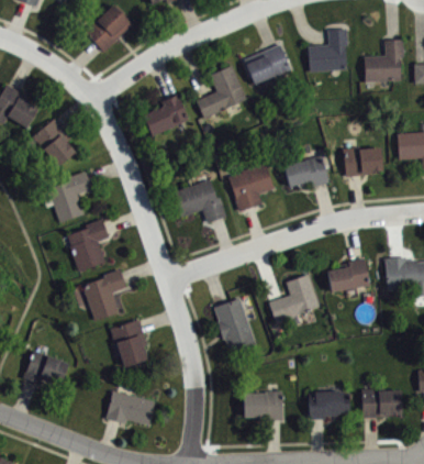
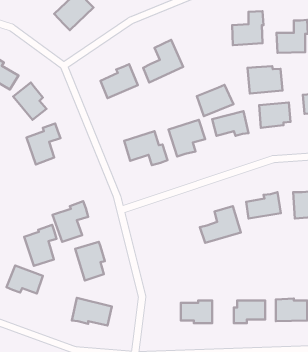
building: [244,44,290,84] -> [197,85,233,116]
building: none -> [247,66,282,93]
building: [67,218,108,269] -> [24,225,56,266]
building: [213,297,254,350] -> none

